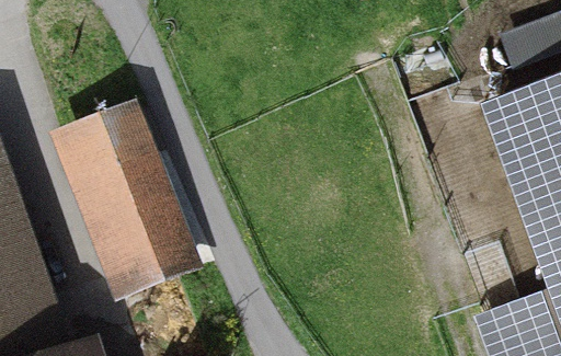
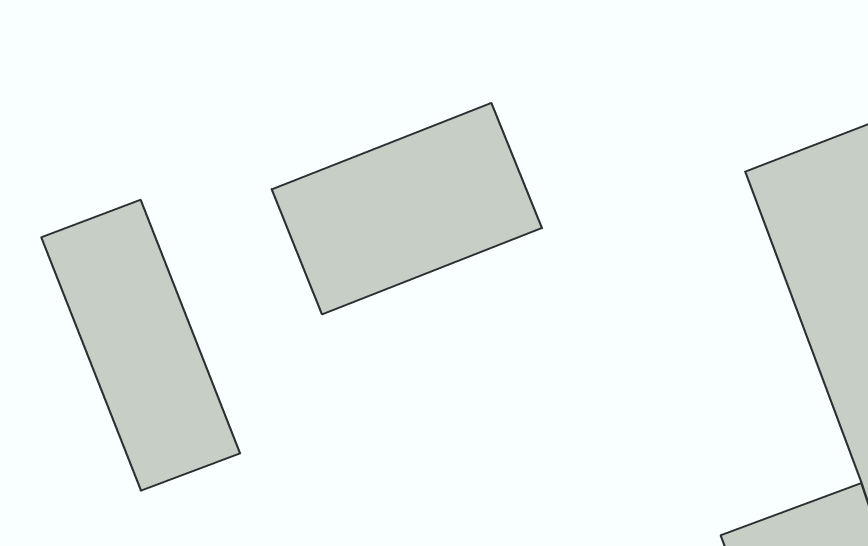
building: none -> [272,103,542,314]

